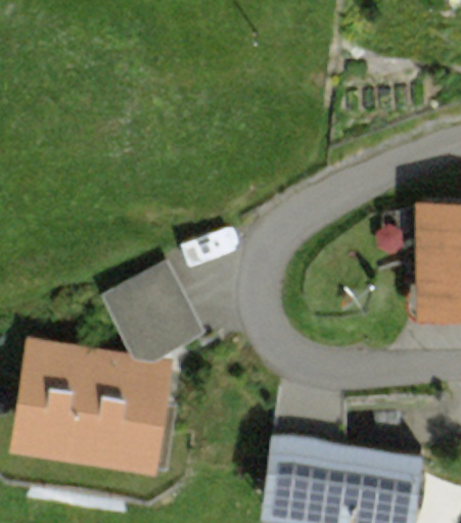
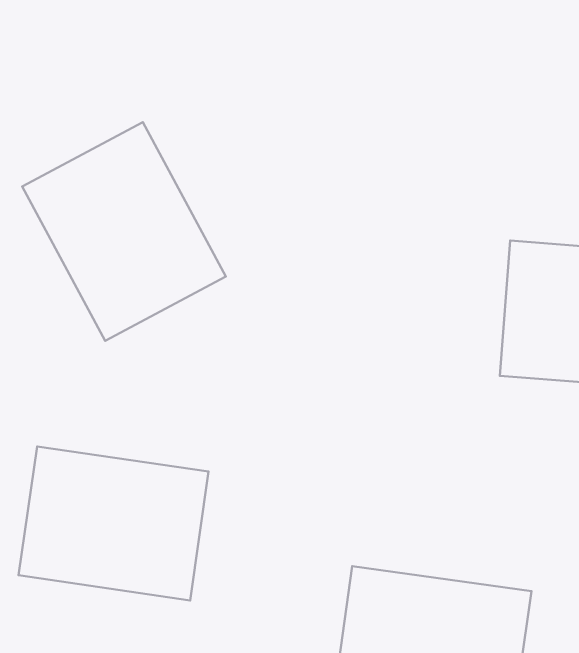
building: none -> [22,122,226,341]
building: [113,272,201,364] -> none

